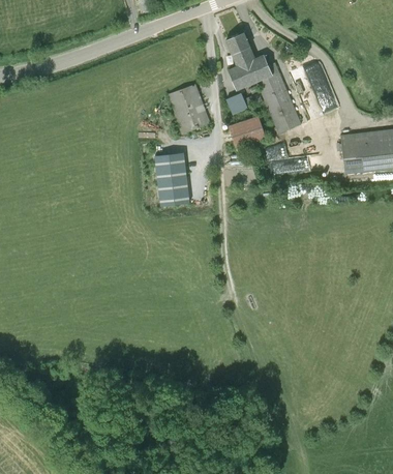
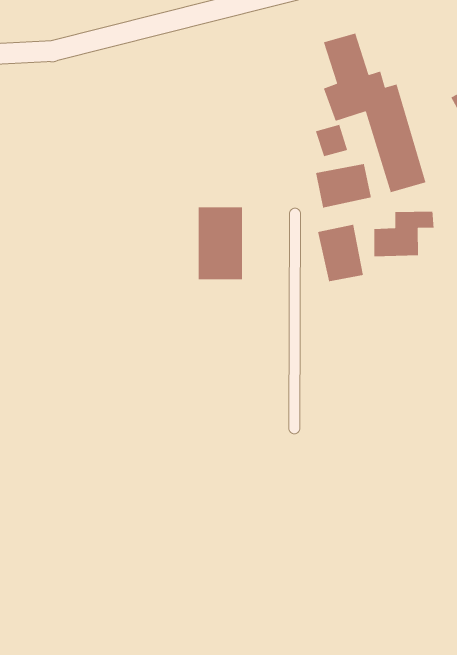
building: [167,84,209,134] -> none
building: none -> [317,224,364,282]

